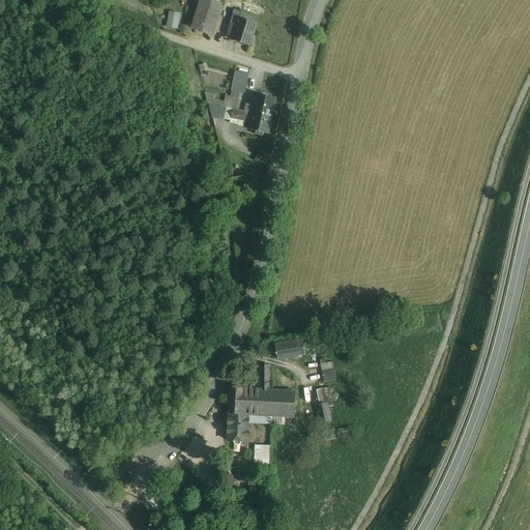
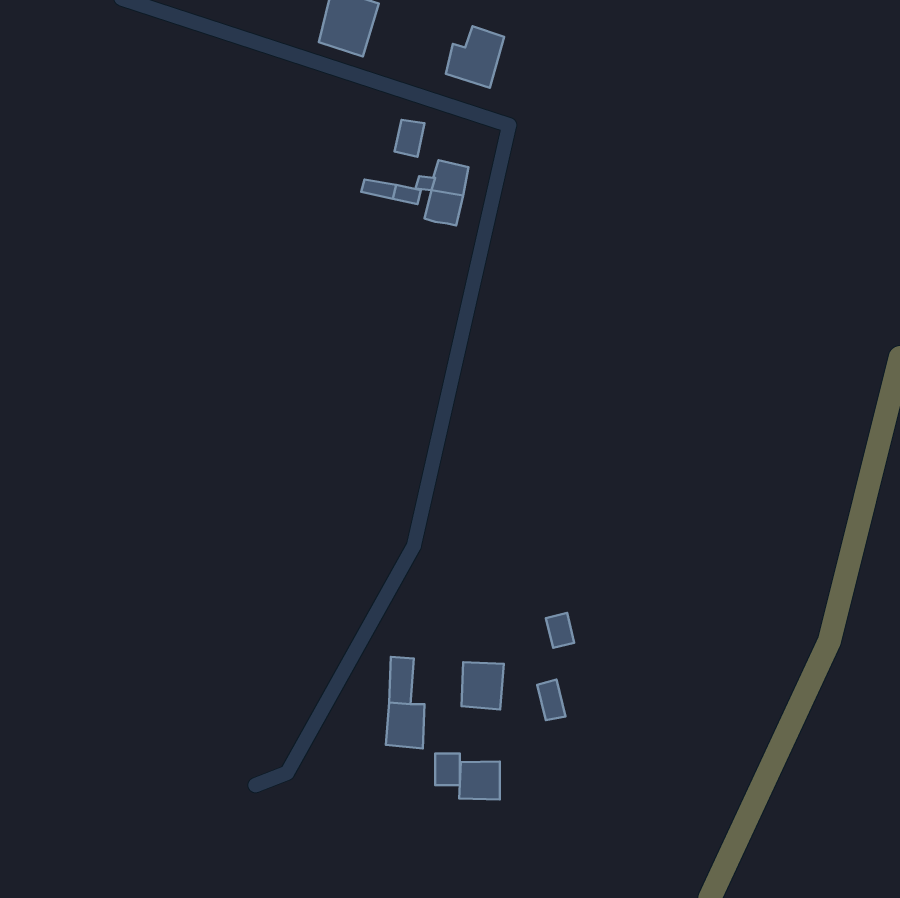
building: [228,8,262,45] -> [446,26,504,88]
building: [275,340,303,358] -> none
building: [241,387,272,415] -> none
building: none -> [459,762,500,800]

